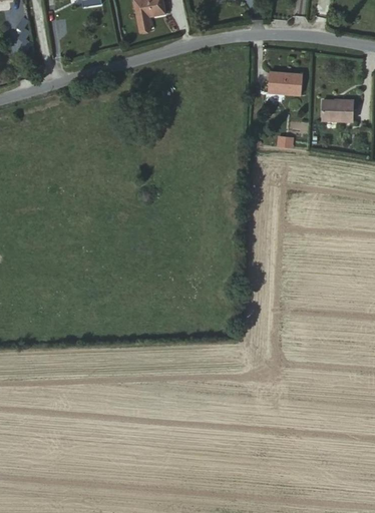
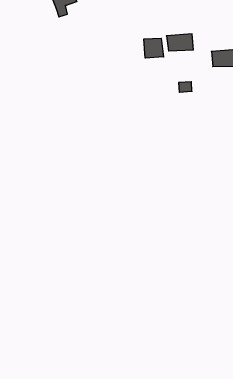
building: none -> [144,38,164,58]

